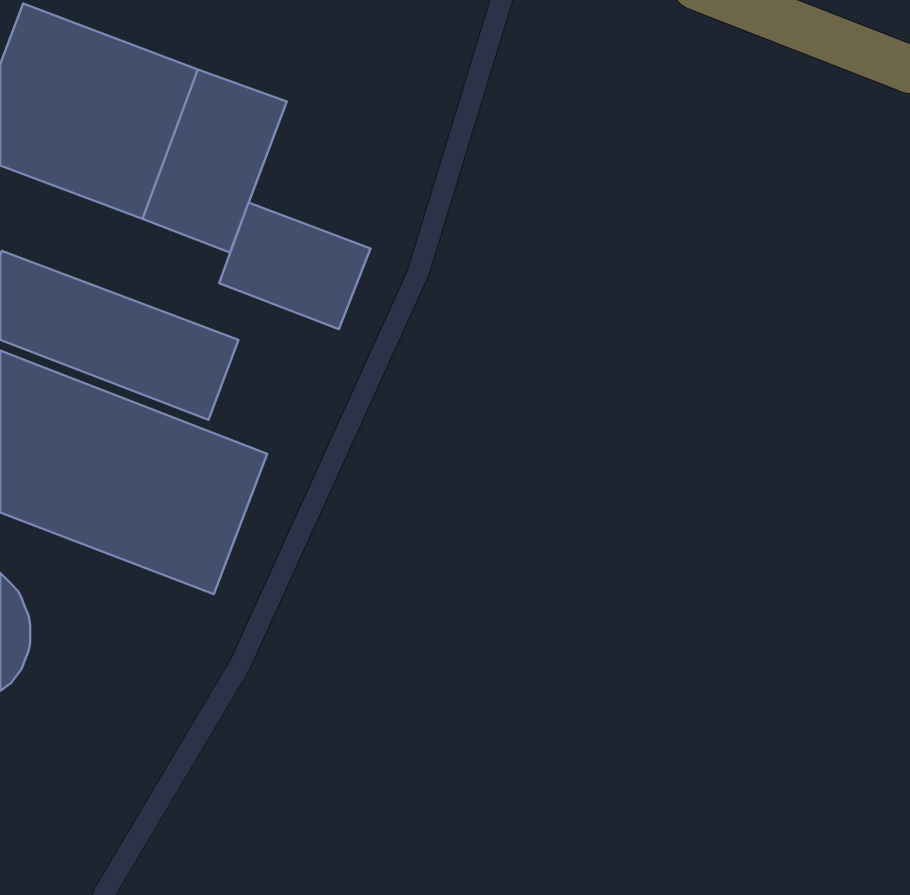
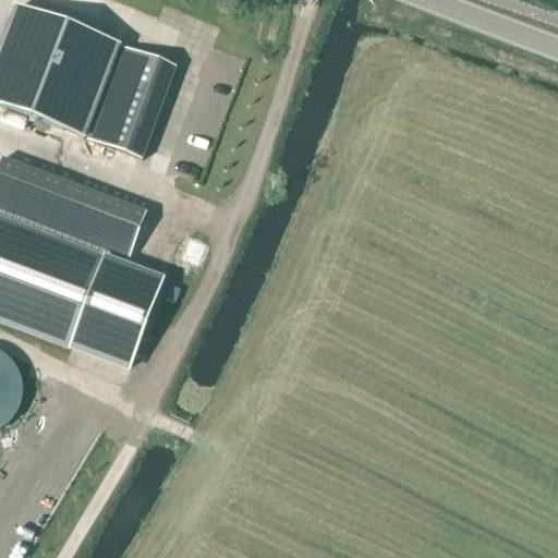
building: [219,203,370,329] -> none

